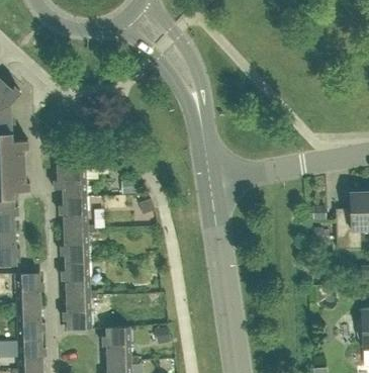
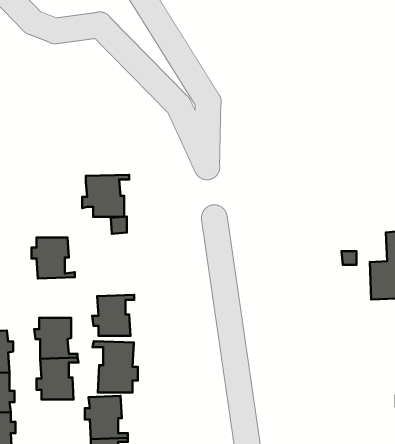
building: [54,162,92,196] -> [82,175,129,217]
building: [60,228,94,262] -> [92,295,134,336]
building: none -> [92,341,138,393]

